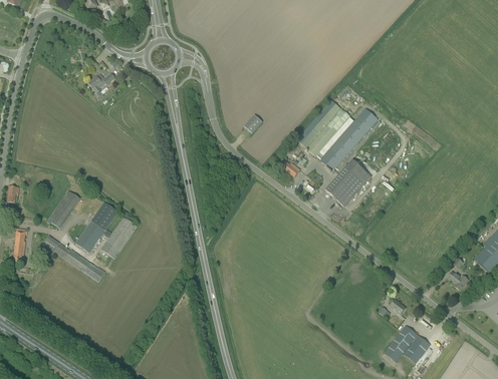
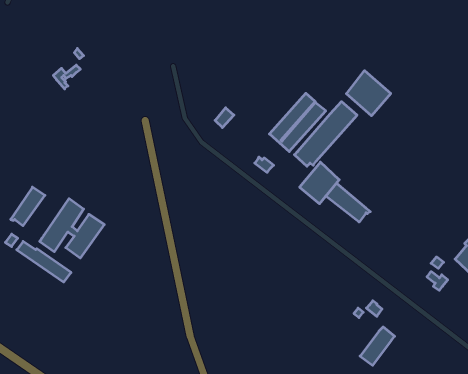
building: none -> [346,71,391,116]
building: none -> [326,183,370,222]
building: [404,334,430,362] -> none

